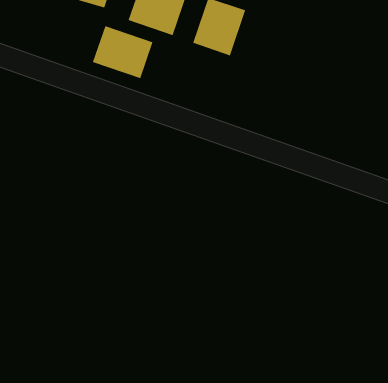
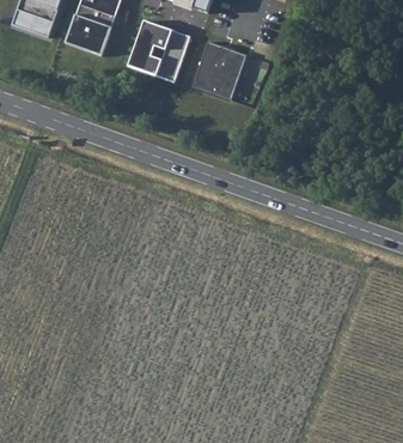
building: [92,25,153,79] -> none

